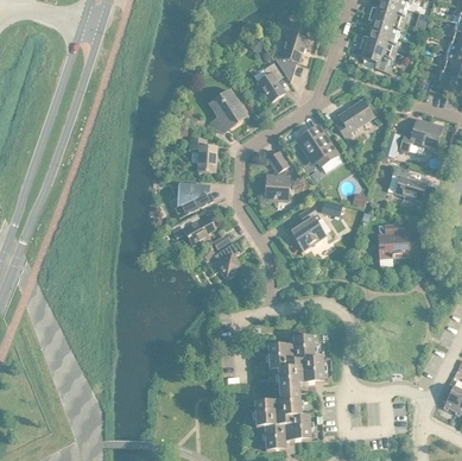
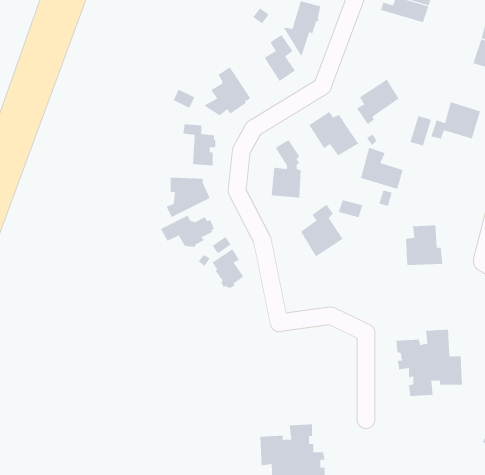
building: [355,40,393,71] -> none
building: [387,164,424,200] -> [360,147,404,189]
building: [267,335,324,392] -> [396,329,463,397]

